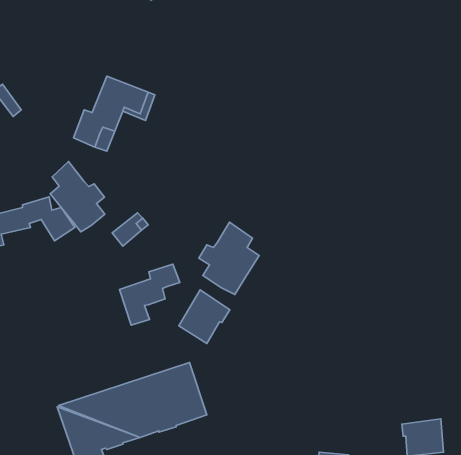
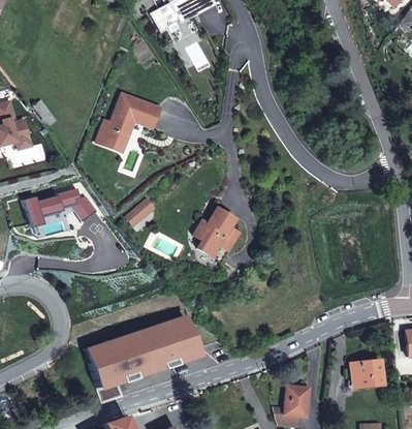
building: [50,161,105,232] -> none
building: [119,264,180,325] -> none
building: [179,290,230,343] -> none

